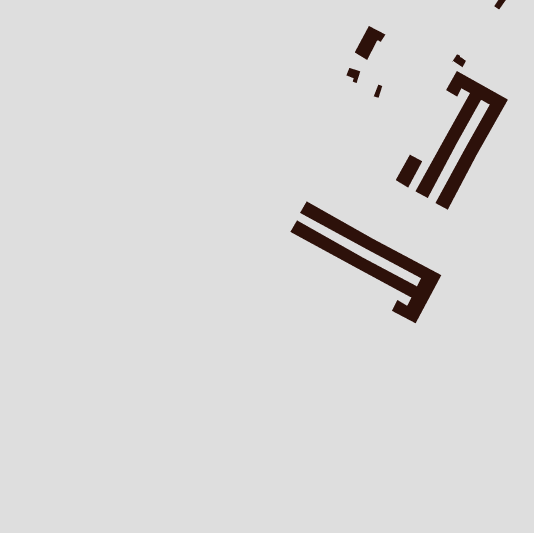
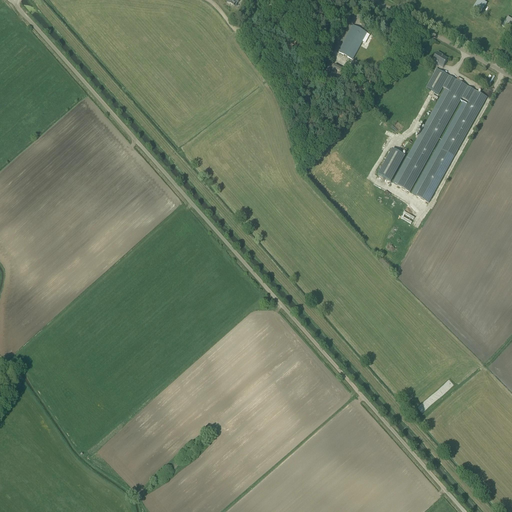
building: [290,200,442,324] -> none

